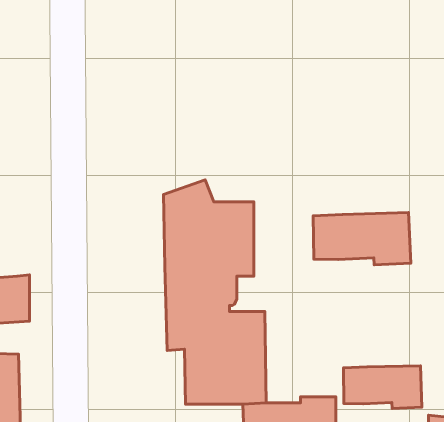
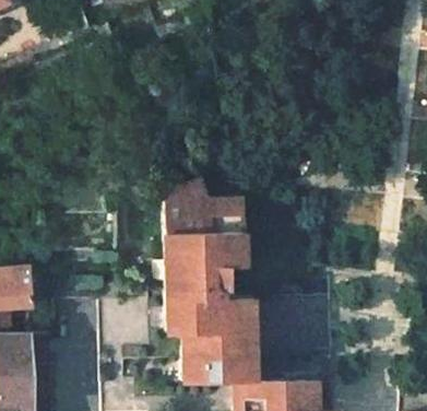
building: [313,212,411,265] -> none
building: [343,366,422,408] -> none

